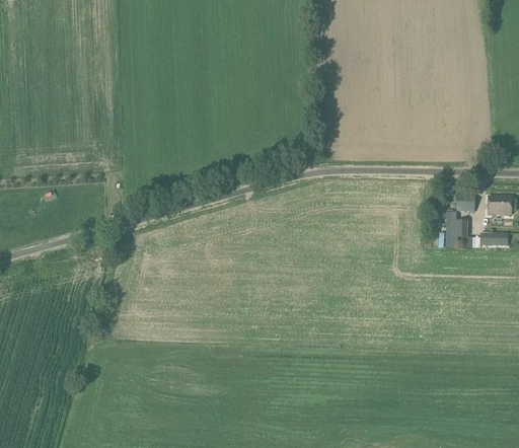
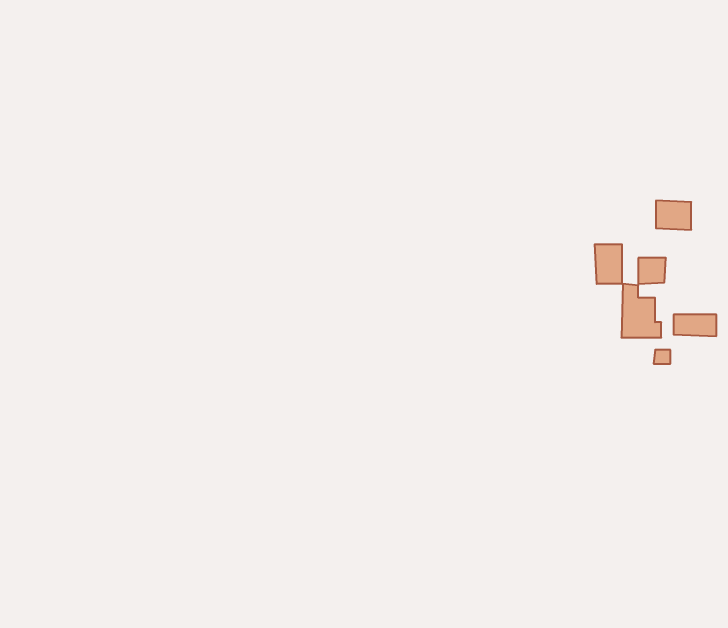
building: none -> [595,244,622,284]
building: [486,196,509,215] -> [656,201,691,230]

